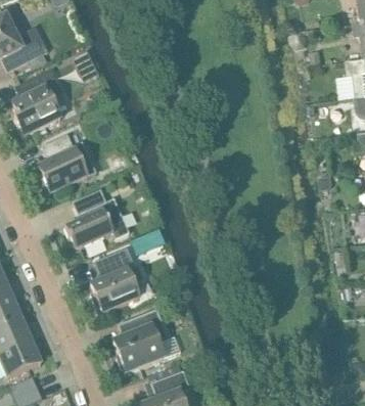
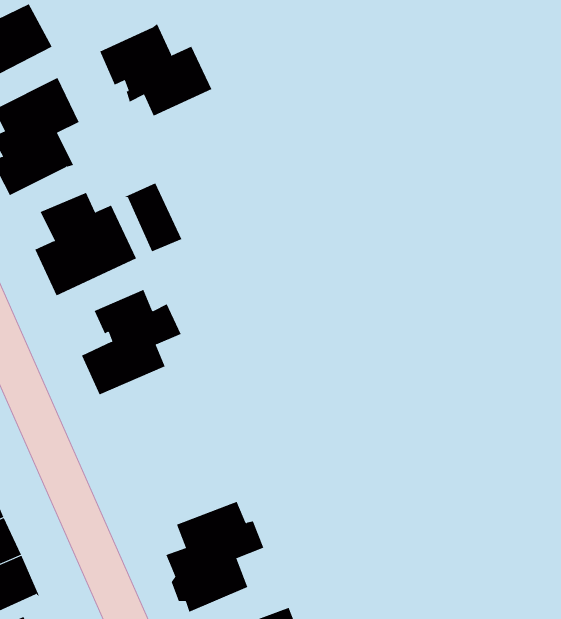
building: none -> [100,23,212,116]
building: none -> [124,183,182,252]
building: [89,246,143,312] -> none

